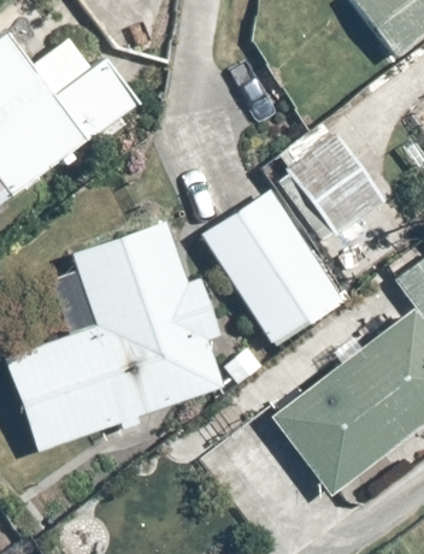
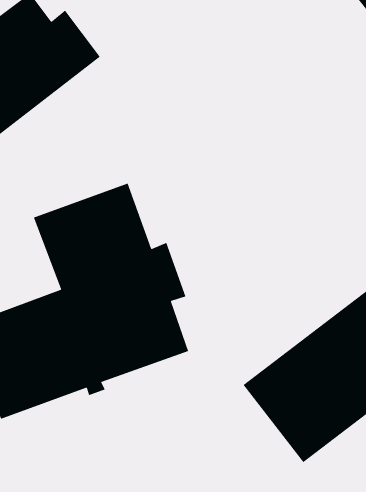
building: [289,134,383,234] -> none
building: [202,190,340,341] -> none

